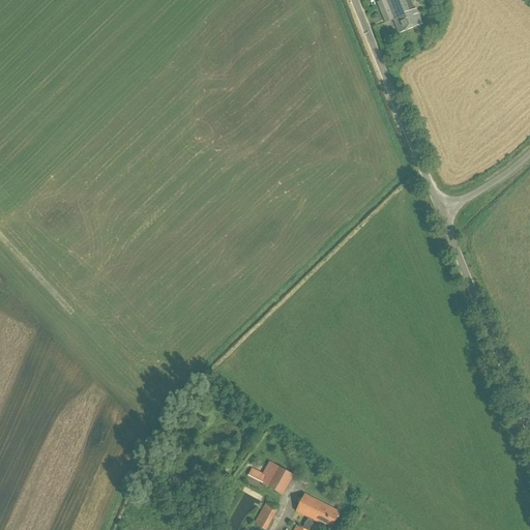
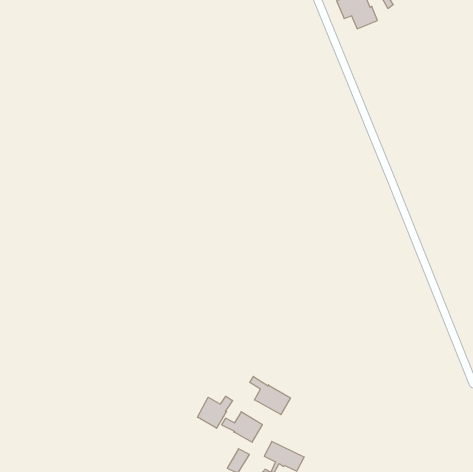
building: none -> [250,376,290,415]
building: none -> [197,396,233,428]

